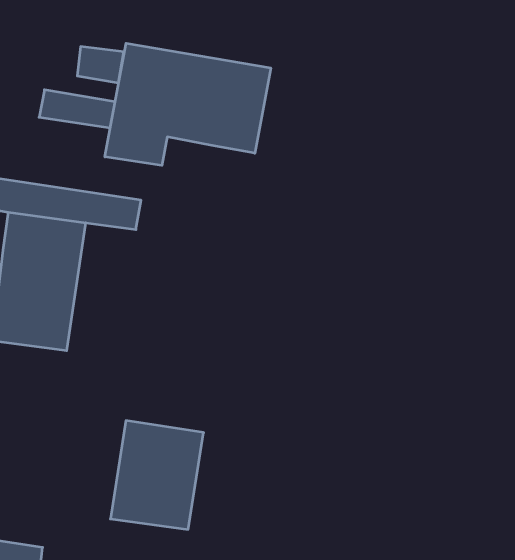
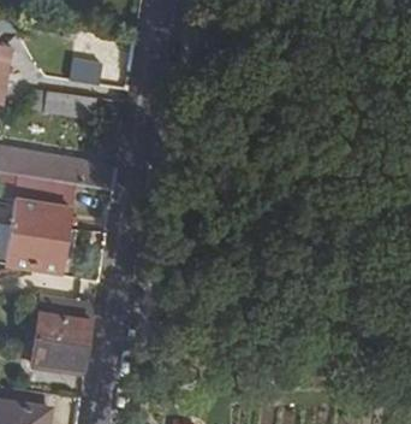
building: [105,43,271,165] -> none
building: [110,421,204,529] -> [31,293,96,369]

